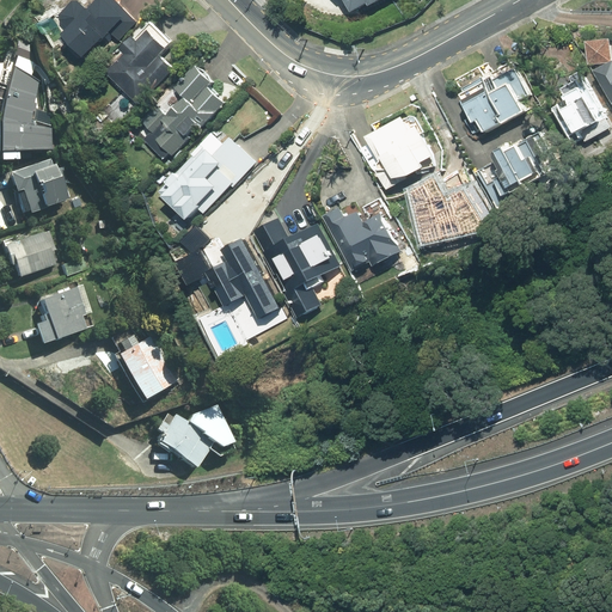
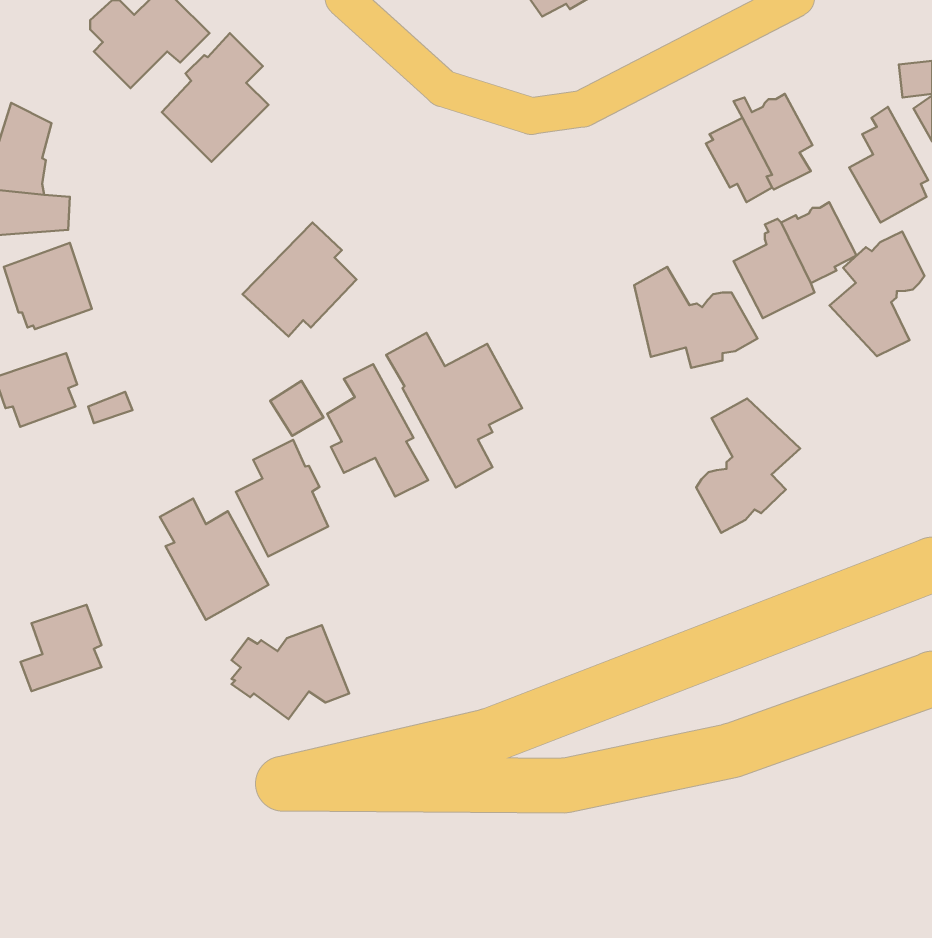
building: [136,65,224,158] -> none
building: [368,116,434,189] -> none
building: [202,131,256,183] -> none
building: none -> [830,231,924,356]
building: [323,200,400,270] -> none
building: none -> [696,398,800,533]
building: none -> [236,440,328,557]
building: [27,288,80,344] -> [20,605,101,691]

